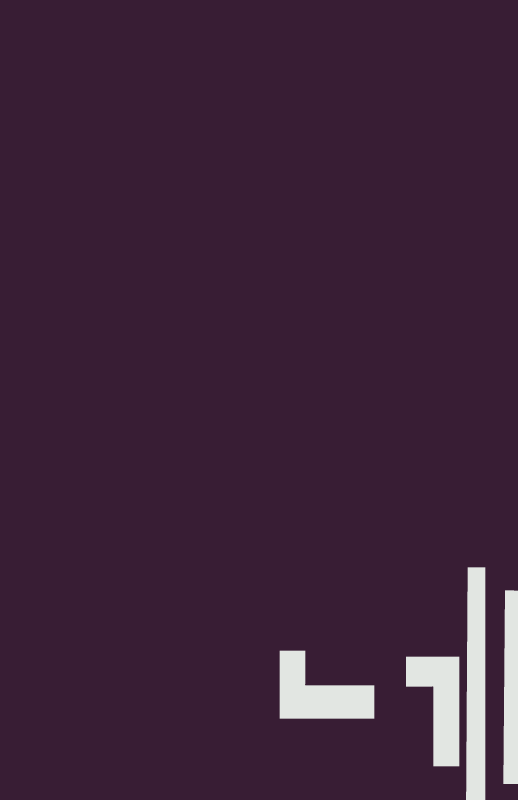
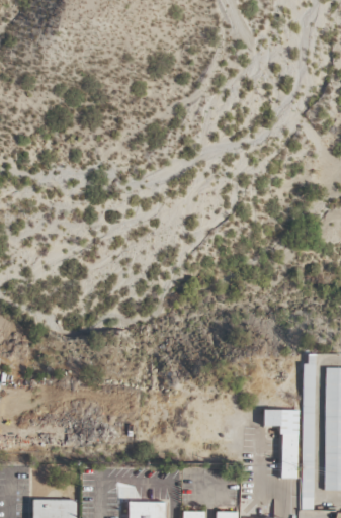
building: [279,650,375,720] -> none

